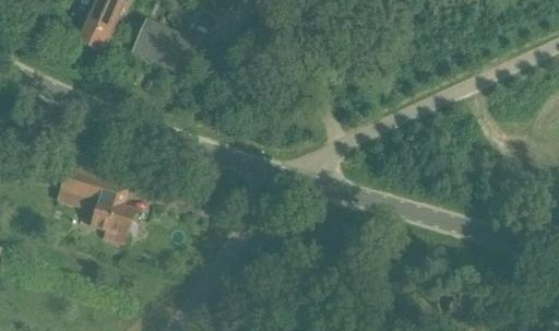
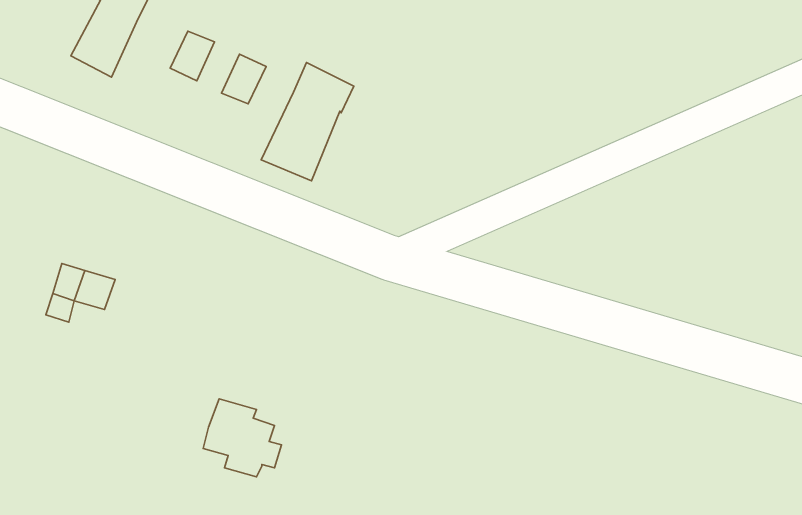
building: none -> [261,62,354,181]
building: [92,193,140,241] -> [203,399,281,477]

